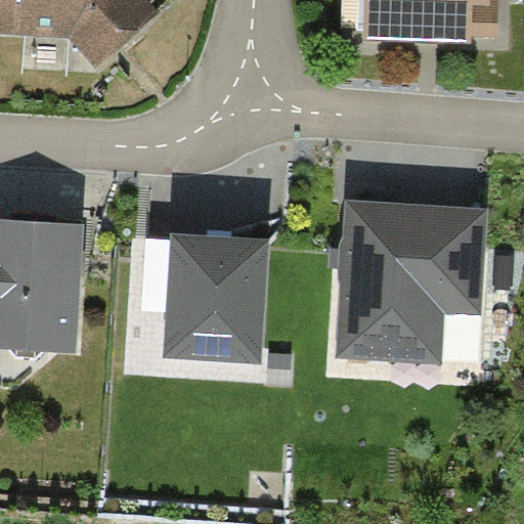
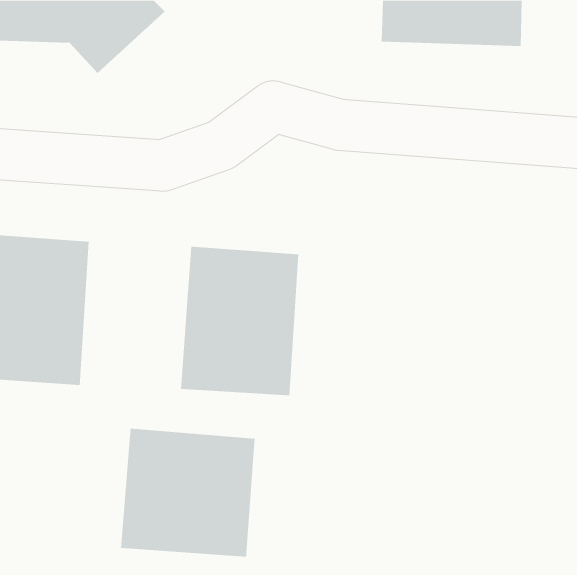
building: [337,200,487,364] -> none
building: none -> [121,428,255,558]

